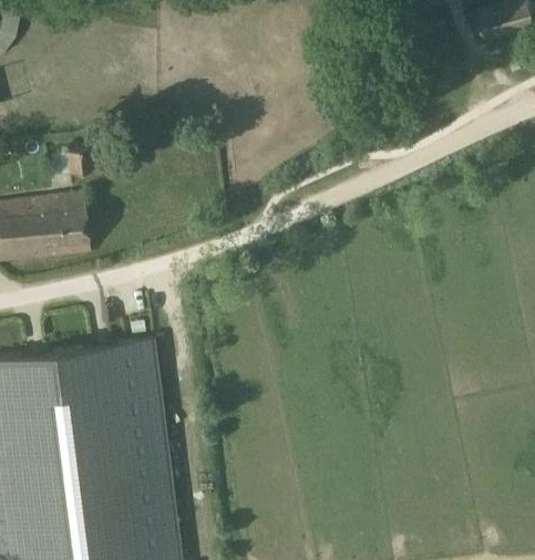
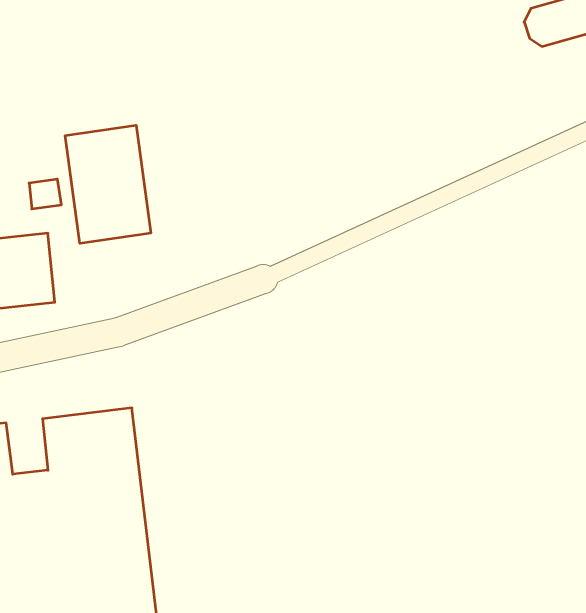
building: none -> [65,125,151,243]
building: [50,344,84,390] -> none

